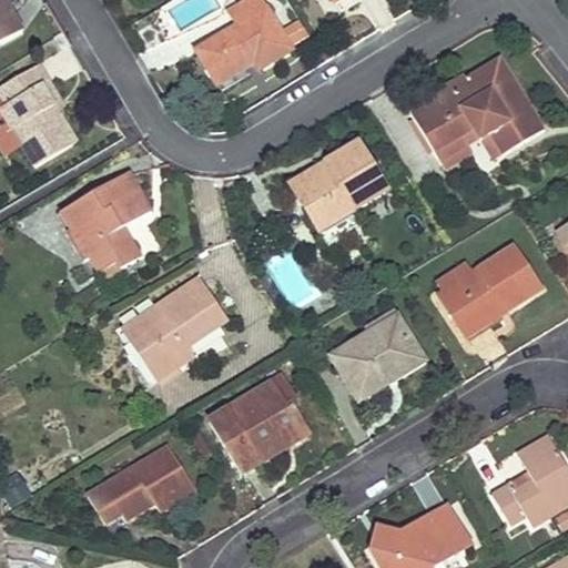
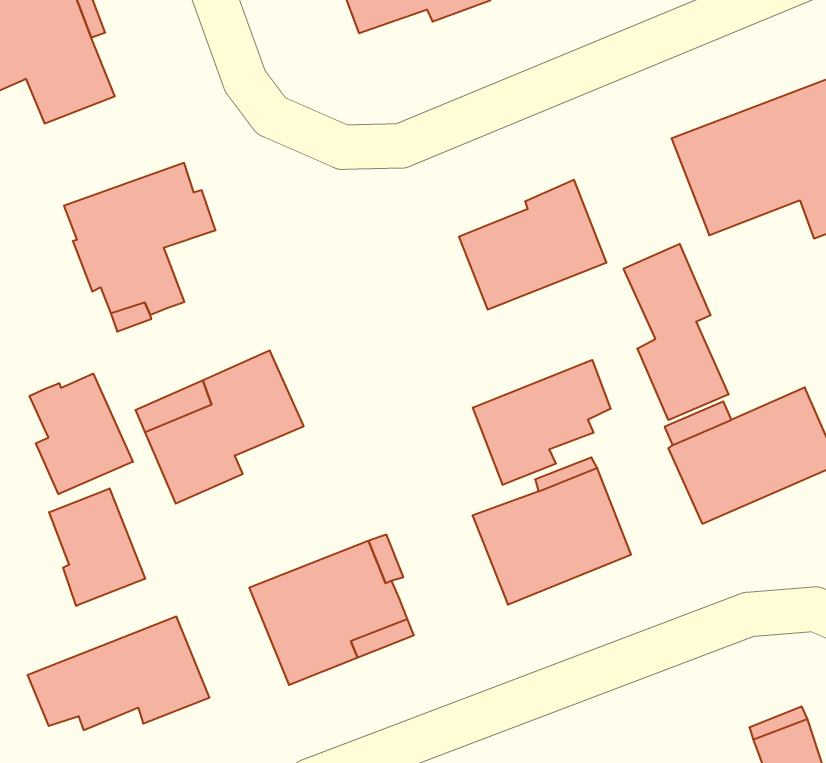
building: none -> [624,244,729,420]
building: none -> [473,360,611,485]
building: none -> [30,374,133,494]
building: none -> [49,488,145,606]

